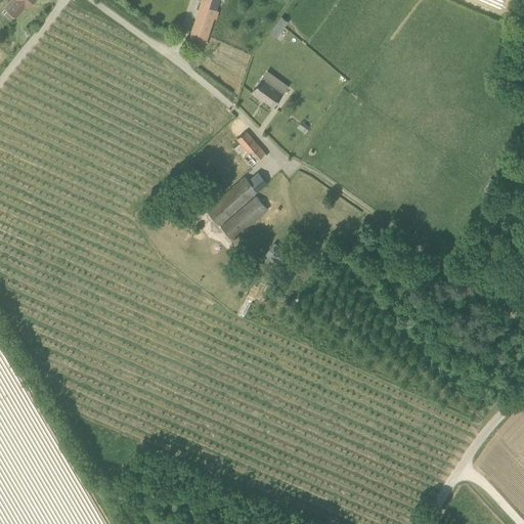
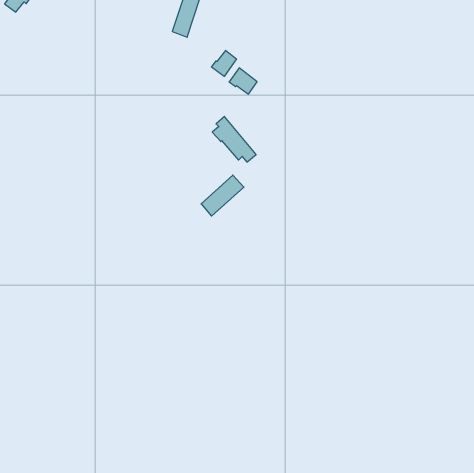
building: none -> [211,50,236,76]
building: [209,173,260,222] -> none

